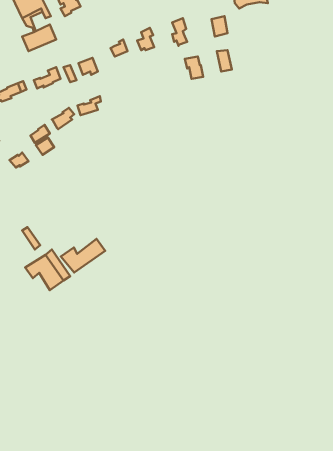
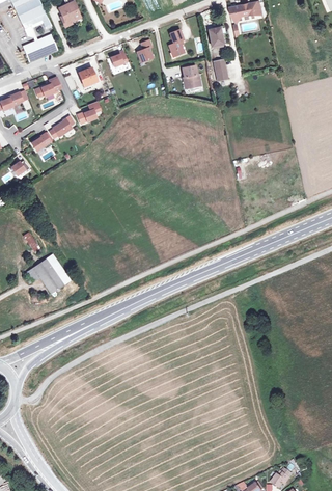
building: [61,239,105,273] -> none

